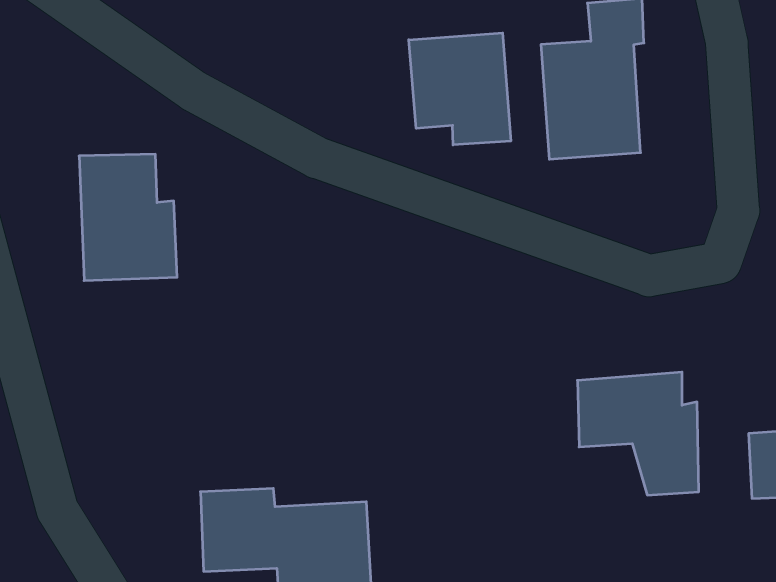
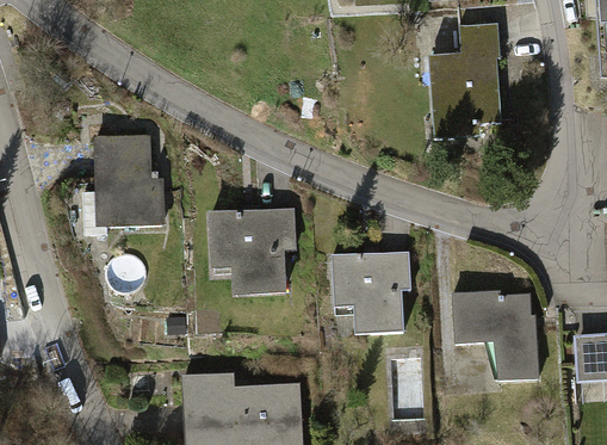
building: [409,33,511,145] -> none
building: none -> [206,208,295,295]
building: none -> [333,253,409,332]

